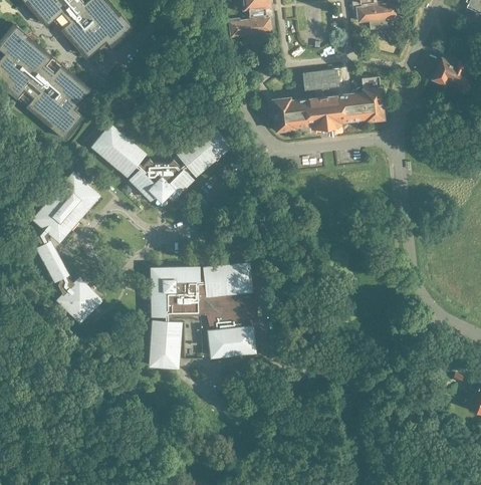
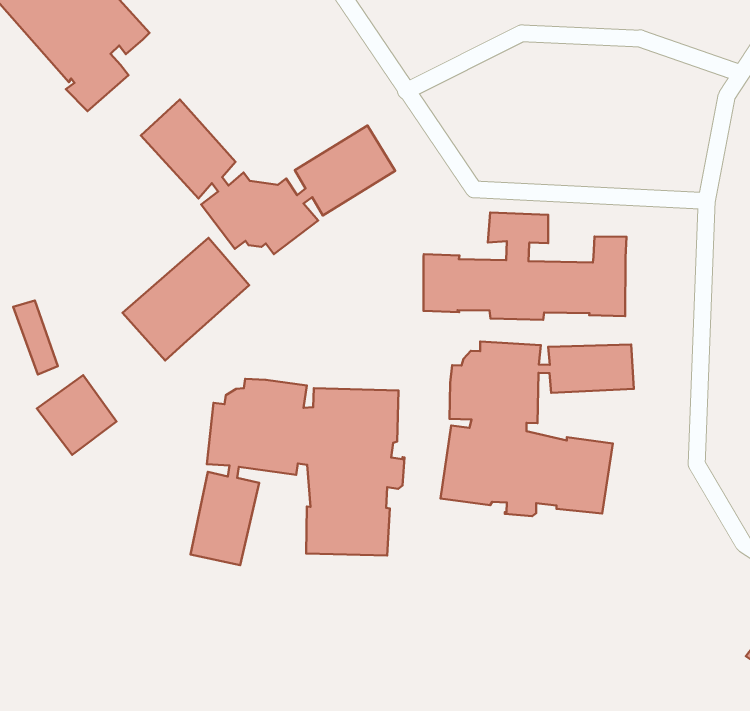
building: [272,70,384,131] -> [423,212,627,320]
building: [33,173,98,241] -> [123,238,249,360]
building: none -> [441,341,634,516]

